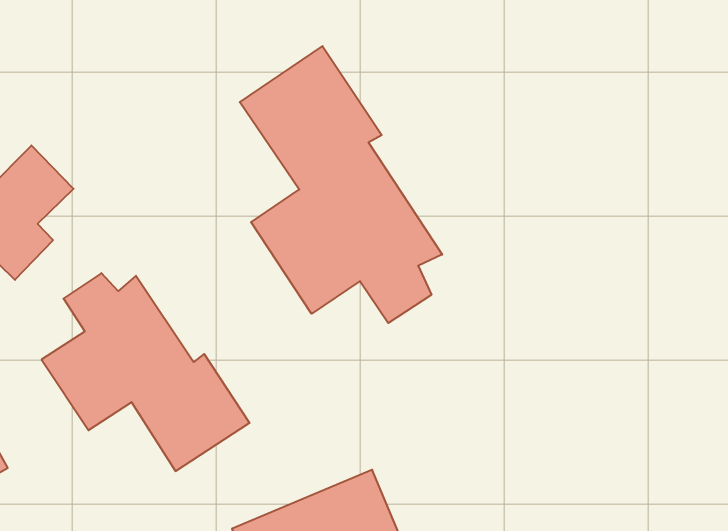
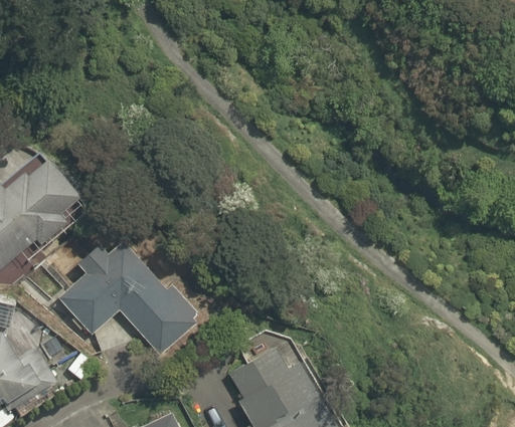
building: [240,46,442,323] -> none

